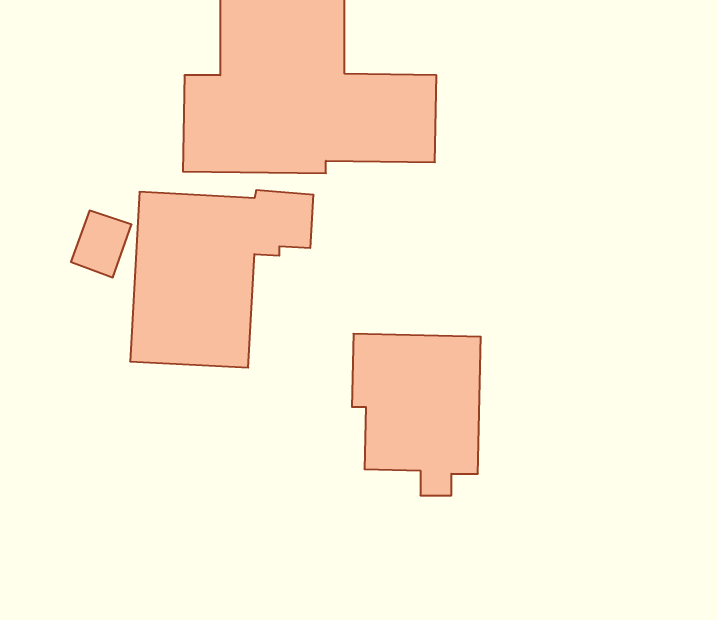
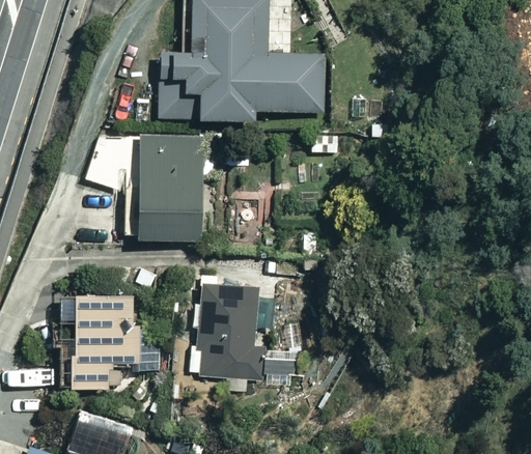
building: [352,334,481,495] -> [184,285,270,393]
building: none -> [61,294,162,388]

